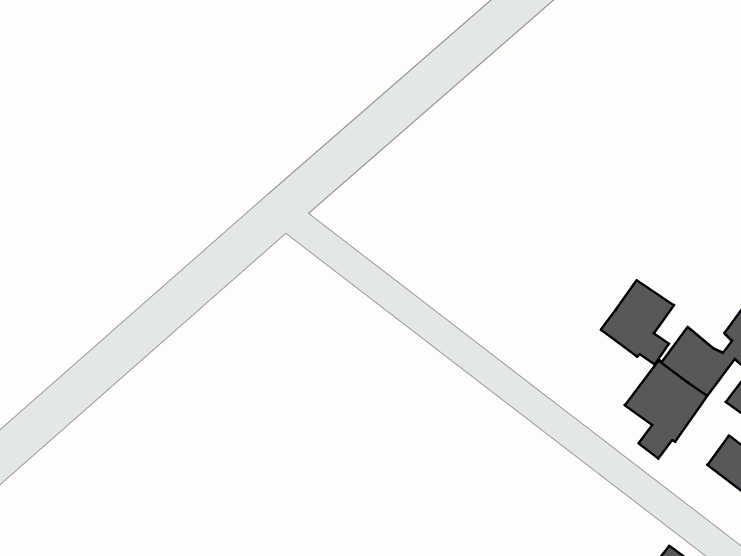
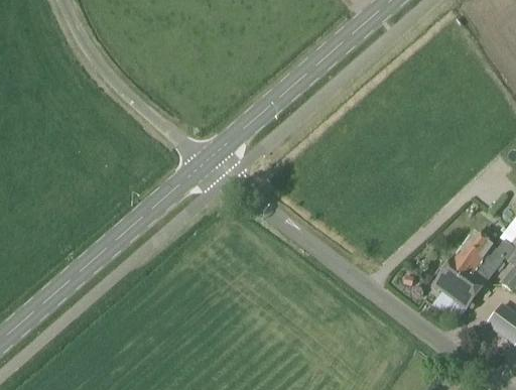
building: [601,280,674,365] -> none

